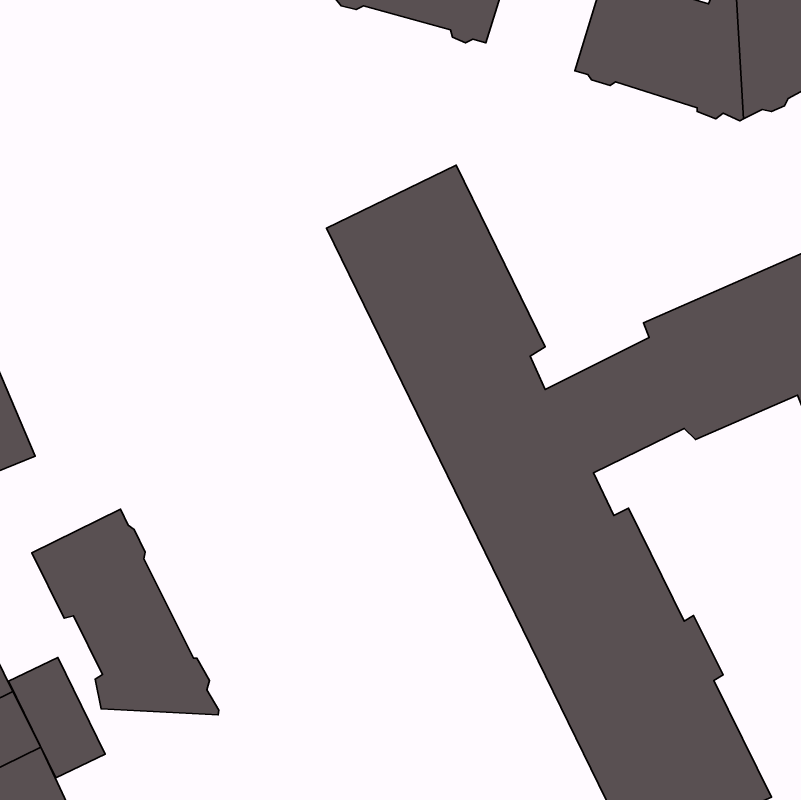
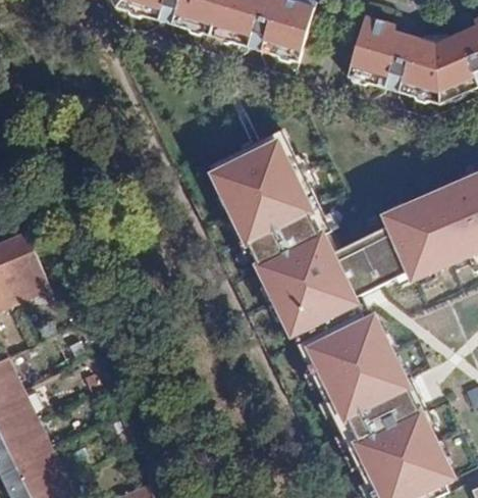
building: [32,509,219,715] -> none
building: [8,658,105,778] -> none

